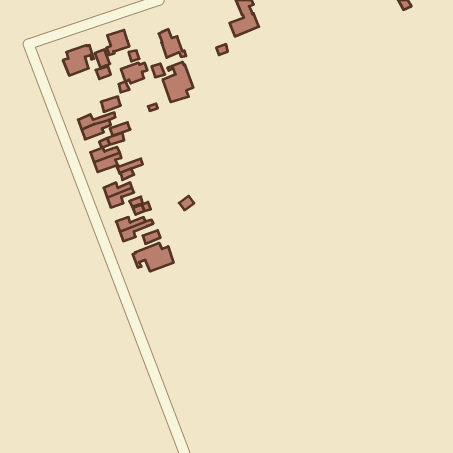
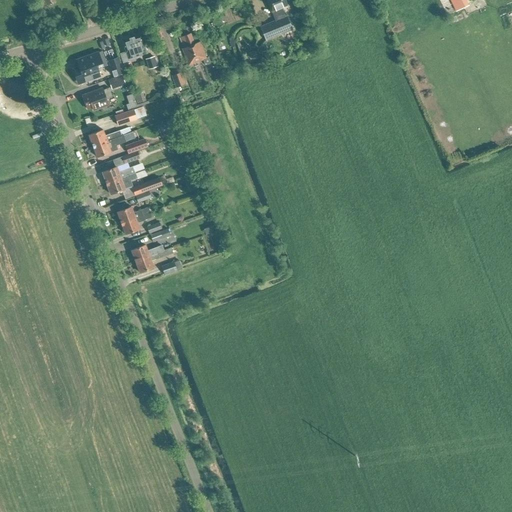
building: [163,62,193,102] -> none
building: [121,63,147,83] -> [82,88,112,111]
building: [133,243,173,271] -> none

